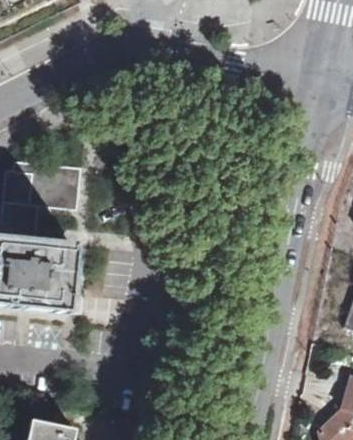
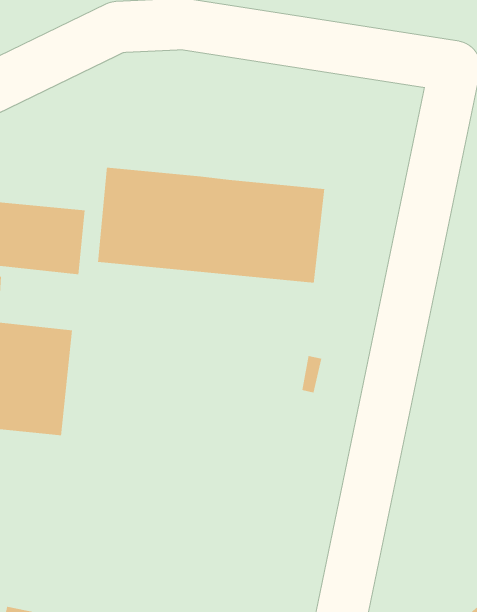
building: none -> [98,167,325,284]

